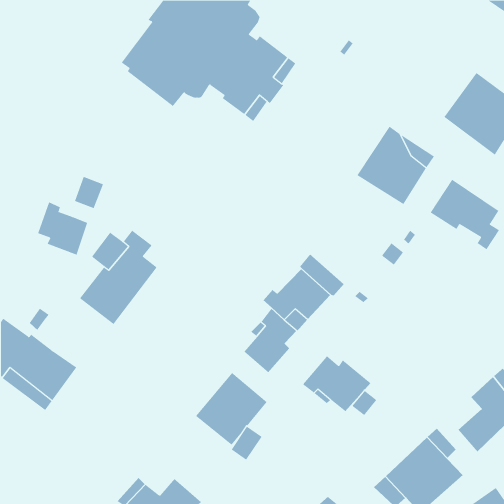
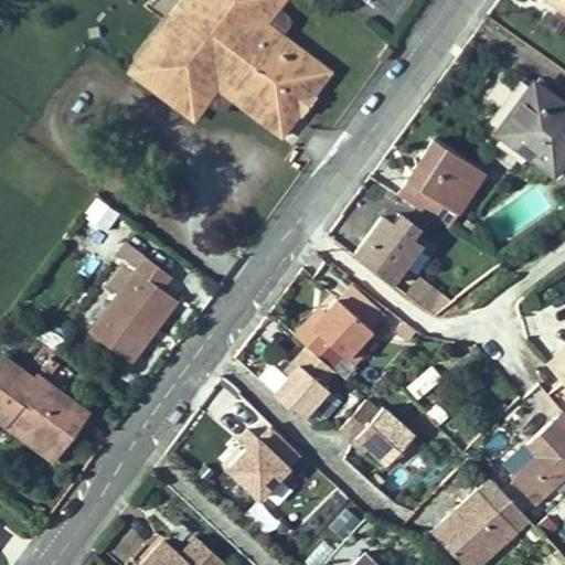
building: [430,179,500,250] -> none
building: none -> [354,215,422,285]
building: [37,202,88,255] -> none

